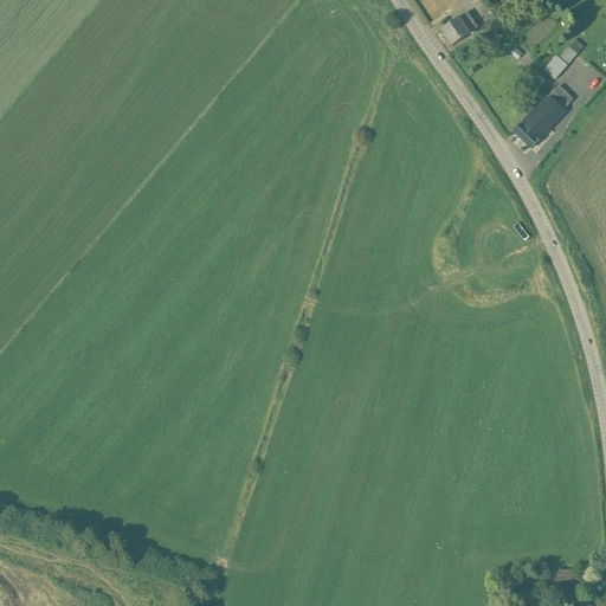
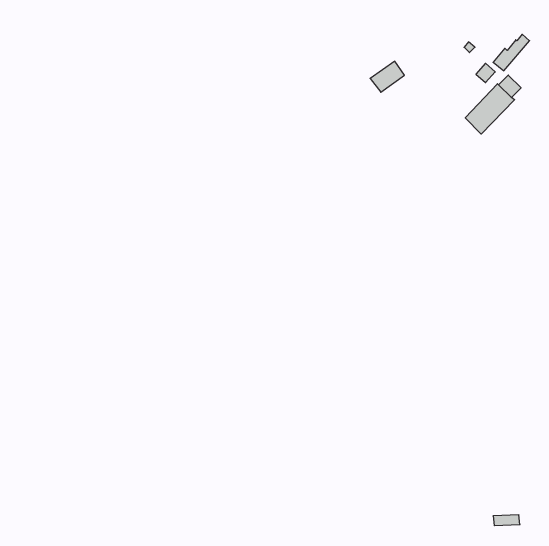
building: [440,9,478,44] -> [370,61,404,92]

